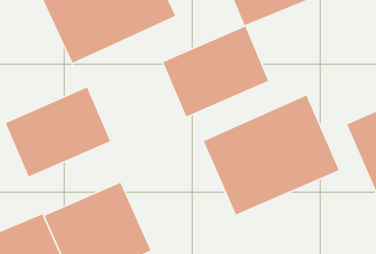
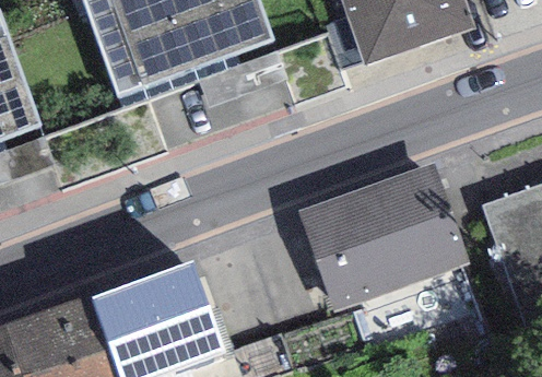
building: [162,26,269,117] -> none
building: [5,87,111,178] -> none

